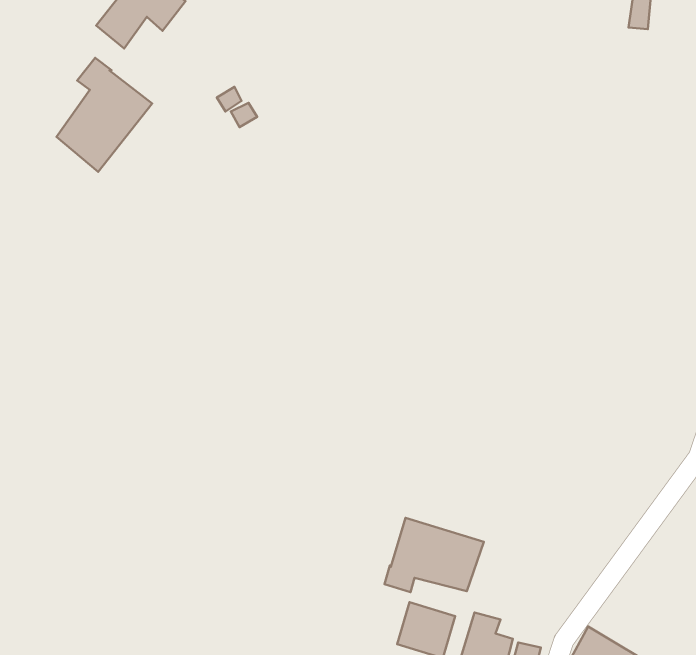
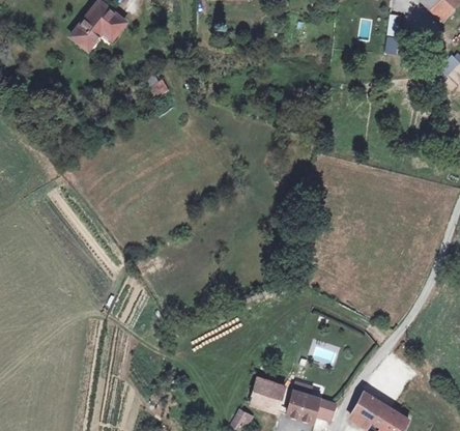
building: [56,58,152,172] -> none
building: [384,518,484,592] -> none

